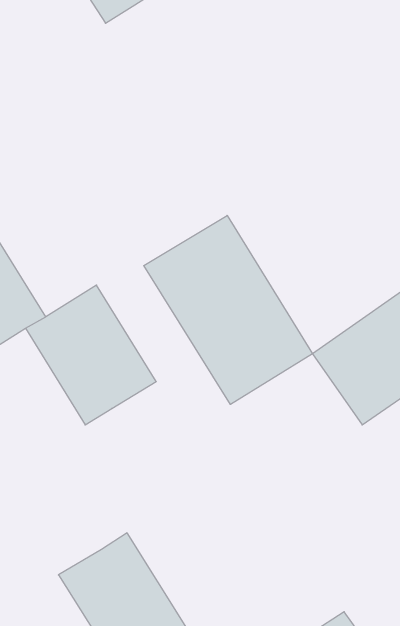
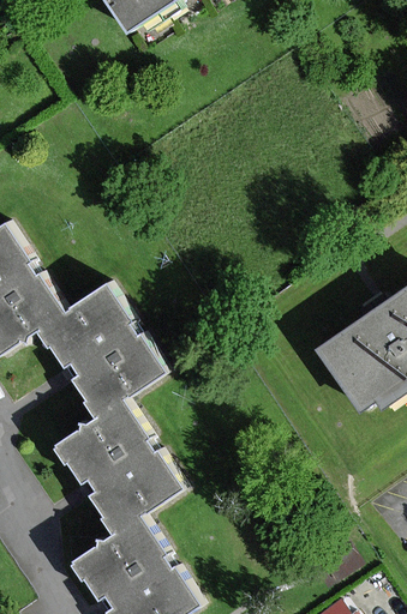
building: [144,215,313,404] -> none
building: none -> [53,401,176,534]

